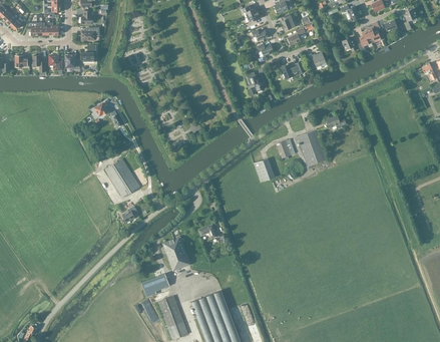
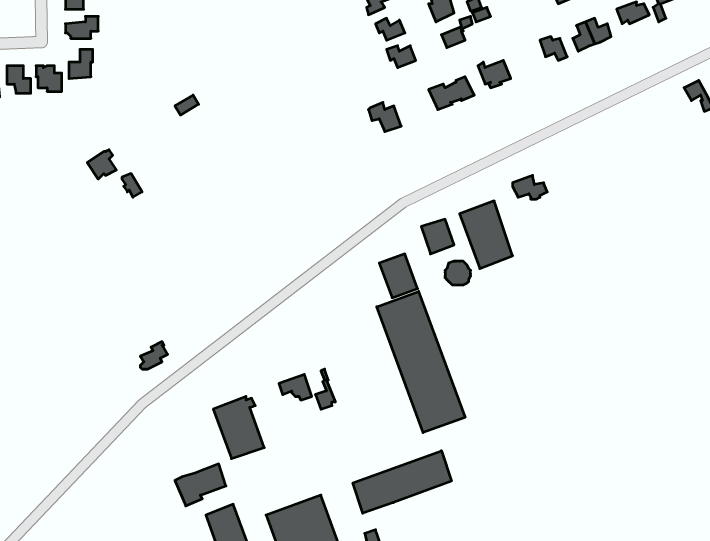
building: [105,157,140,197] -> none
building: none -> [377,291,465,433]
building: none -> [353,451,451,513]

